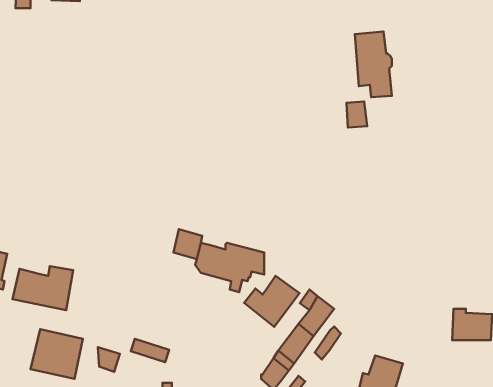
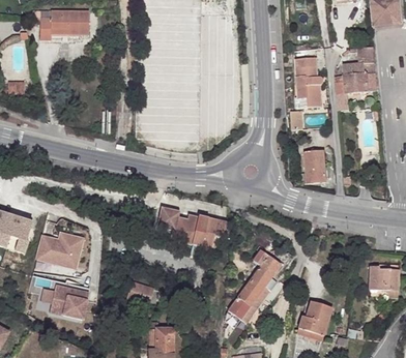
building: none -> [334,44,376,93]
building: none -> [302,149,326,182]
building: [244,276,299,327] -> none

